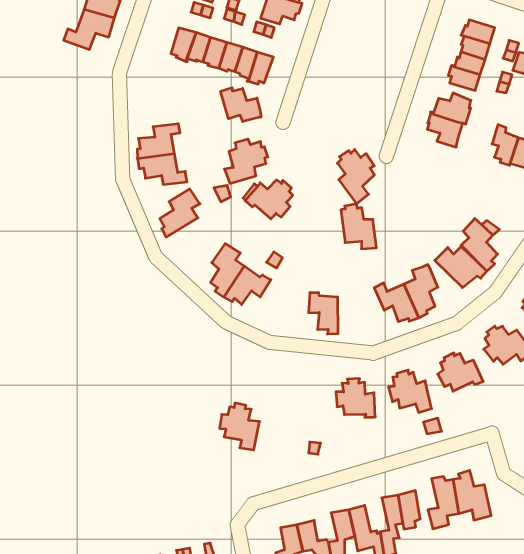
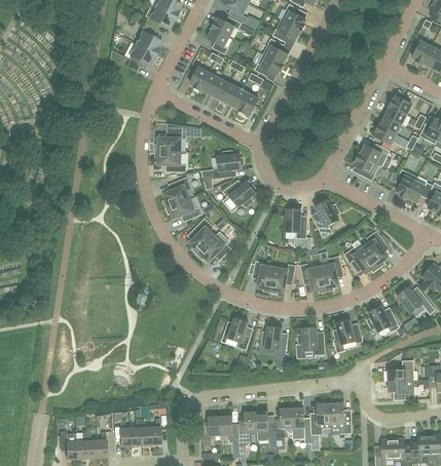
building: [221,88,261,122] -> none
building: [337,149,374,204] -> [313,199,338,236]
building: none -> [164,197,201,220]
building: none -> [269,264,295,293]
building: [220,403,260,450] -> [224,315,252,349]

